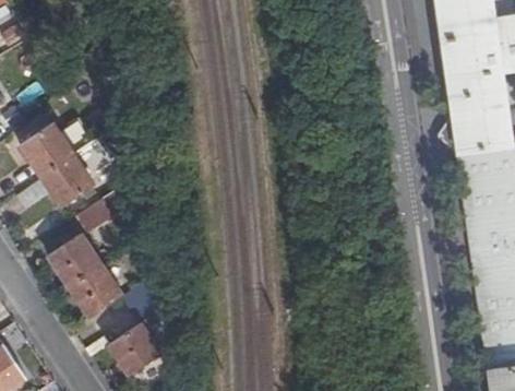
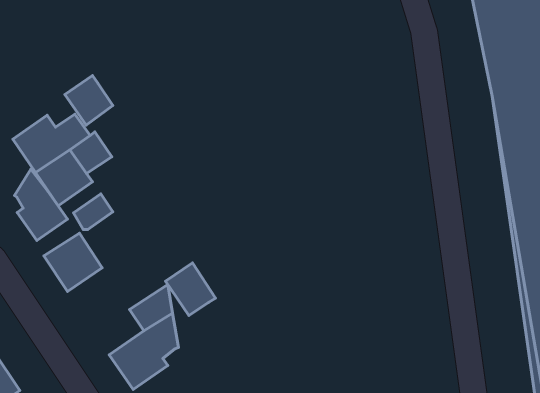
building: none -> [65,75,113,125]
building: none -> [15,169,67,241]
building: none -> [165,263,216,315]
building: [68,265,120,319] -> none

